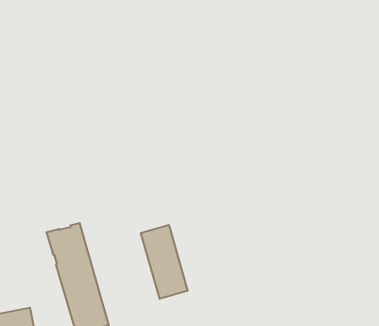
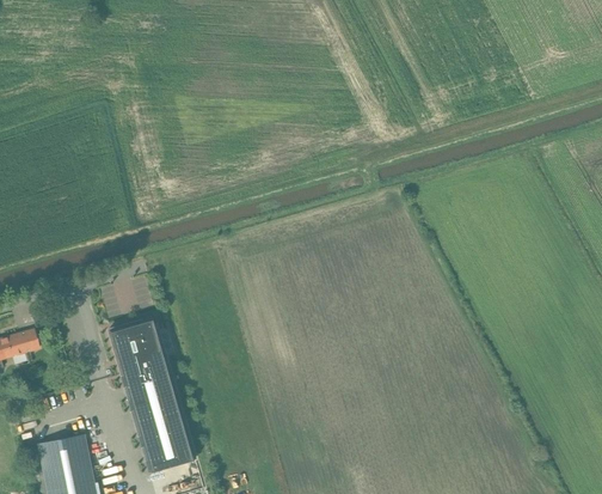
building: [141,225,188,299] -> none

